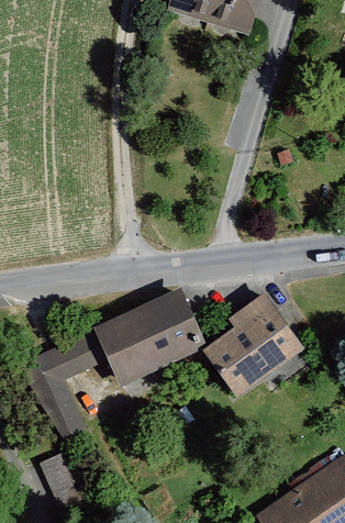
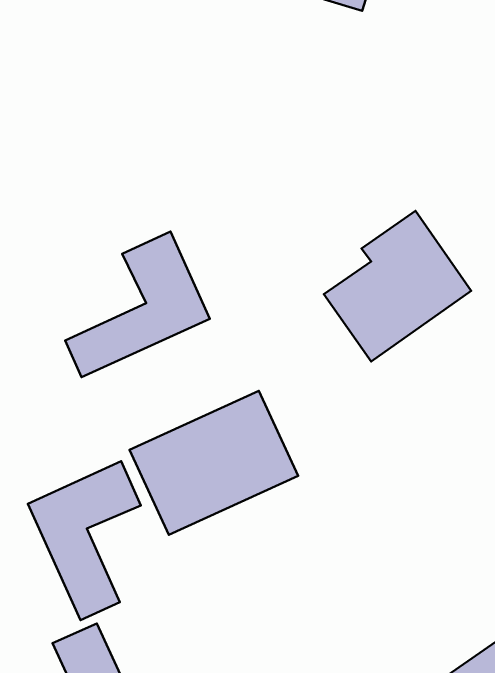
building: none -> [65,232,210,377]
building: [203,294,302,396] -> [324,211,471,361]

